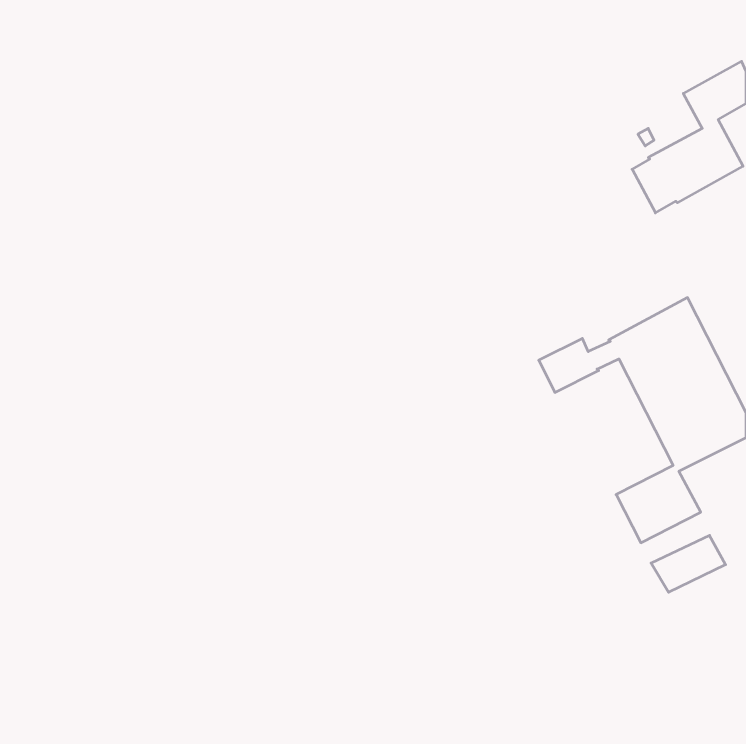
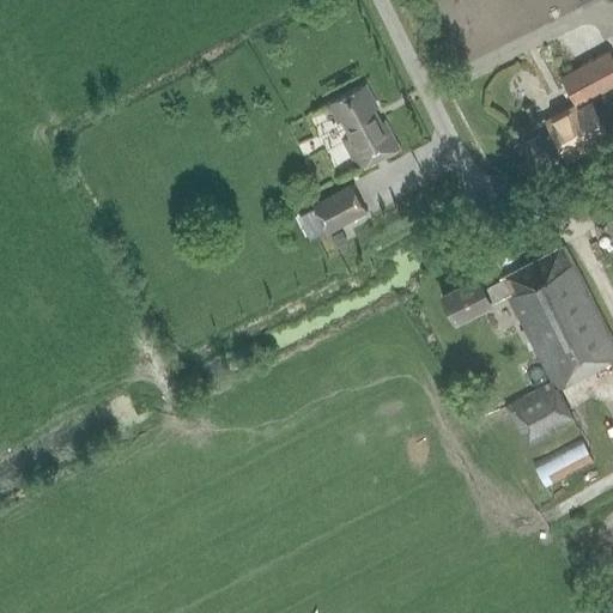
building: none -> [328,86,399,171]
building: none -> [311,184,366,235]

